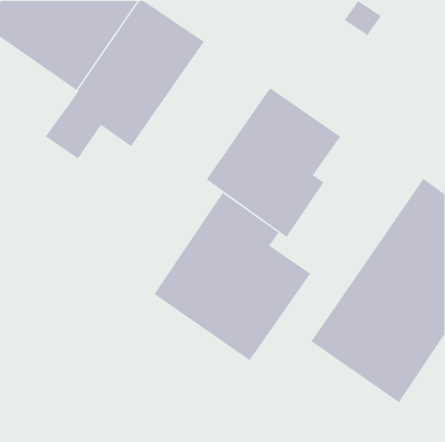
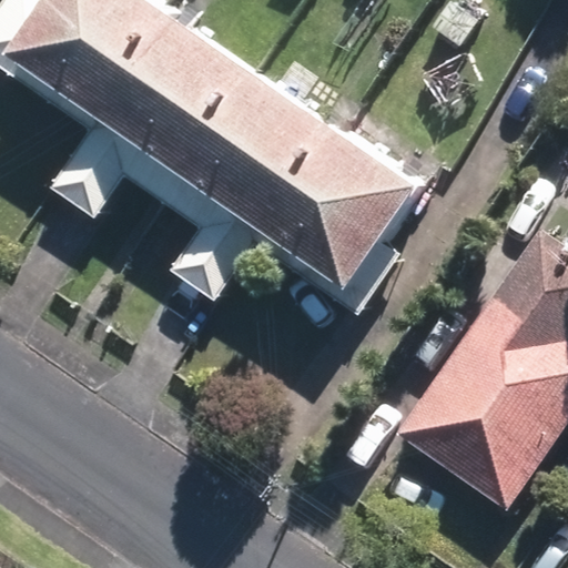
building: none -> [165,62,341,293]
building: [153,192,311,361] -> none

